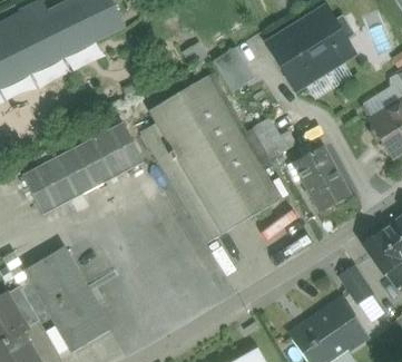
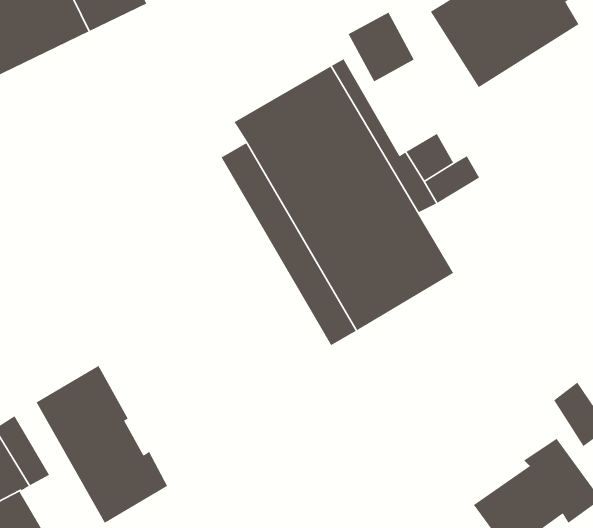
building: [22,121,145,214] -> none
building: [293,145,352,213] -> none

